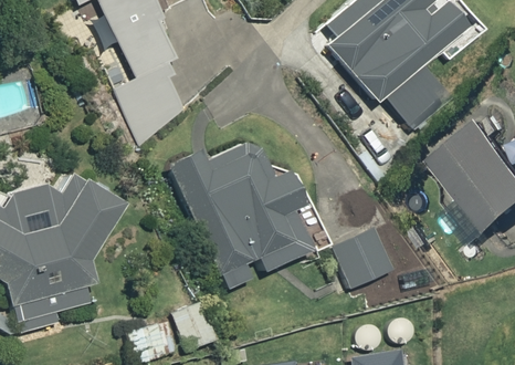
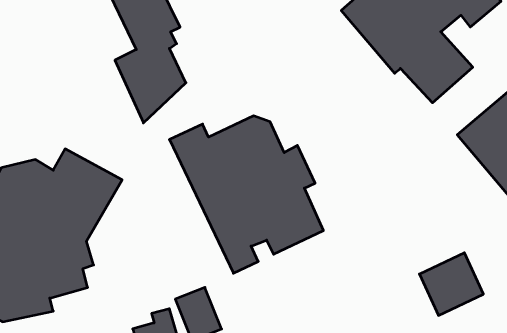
building: [333,228,392,286] -> [419,253,483,315]

